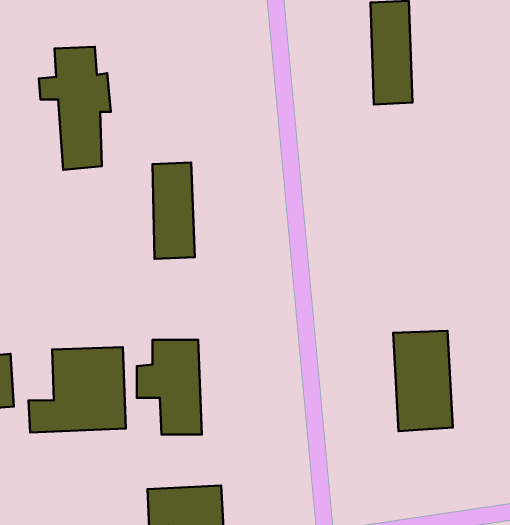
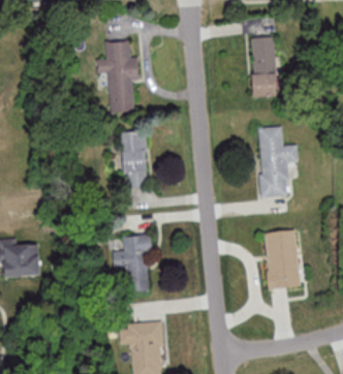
building: [39,47,111,170] -> [96,41,138,114]
building: none -> [257,126,298,196]
building: [29,347,126,432] -> none

